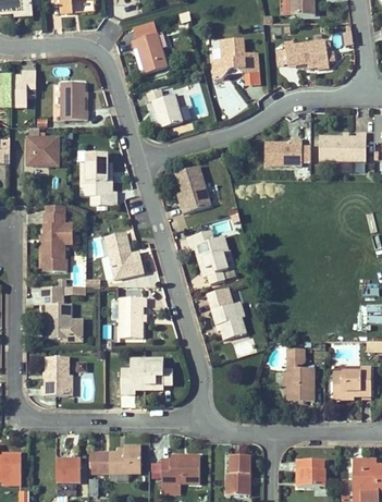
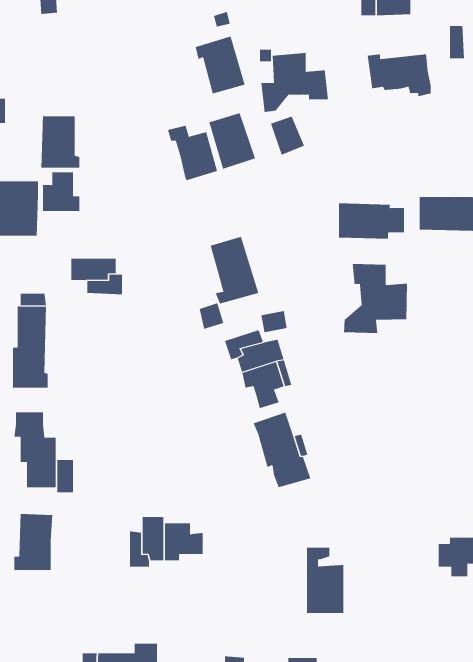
building: [132,33,167,73] -> [195,36,245,94]
building: [86,154,112,181] -> [42,172,80,212]
building: none -> [344,263,407,334]
building: [104,232,144,279] -> none
building: [119,297,146,338] -> none
building: [287,355,313,401] -> [306,547,344,614]

